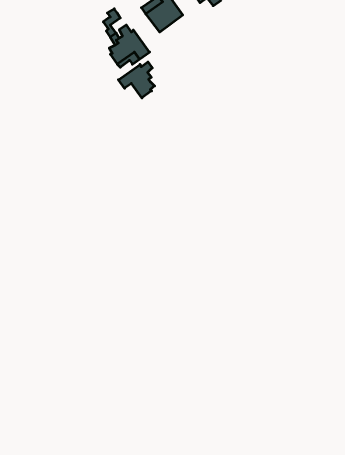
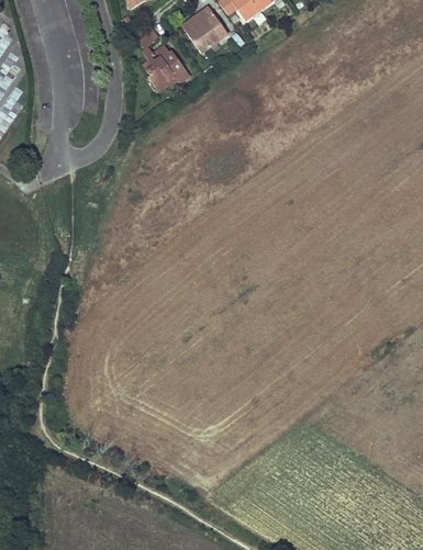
building: [118,62,155,98] -> none

